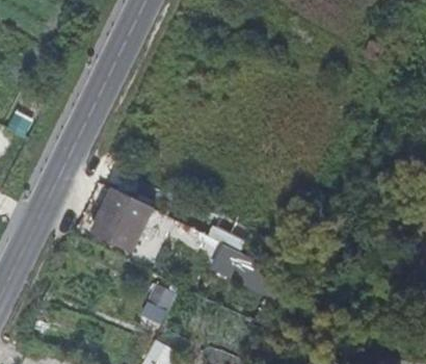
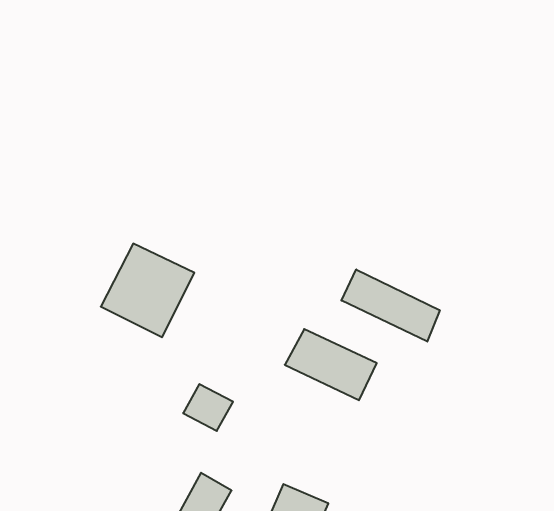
building: none -> [341,269,440,342]

